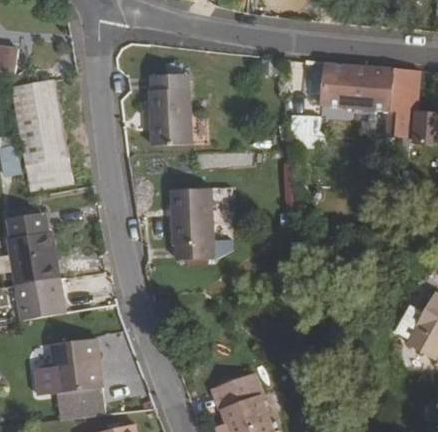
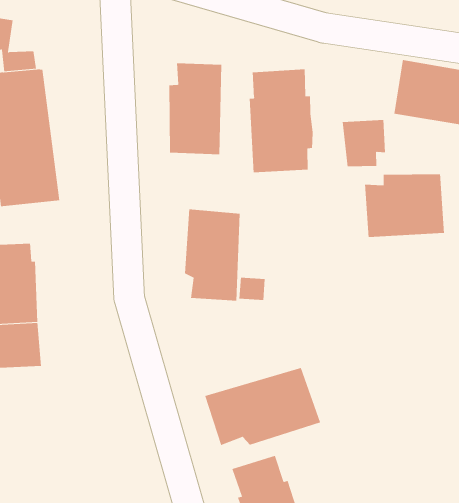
building: none -> [249,68,313,173]
building: none -> [365,174,445,238]
building: none -> [205,367,321,446]
building: [48,339,98,419] -> none

